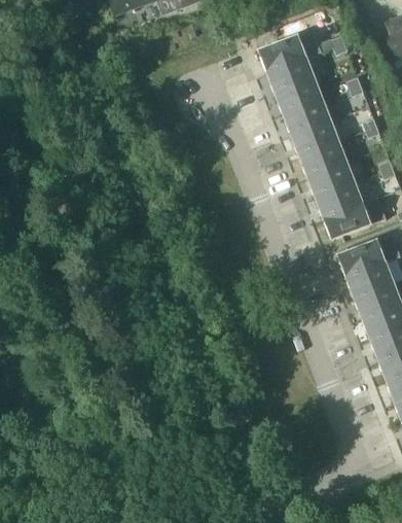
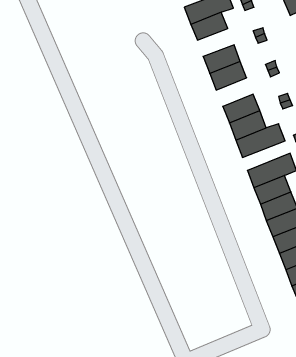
building: [276,77,322,112] -> none
building: [299,139,345,175] -> none

